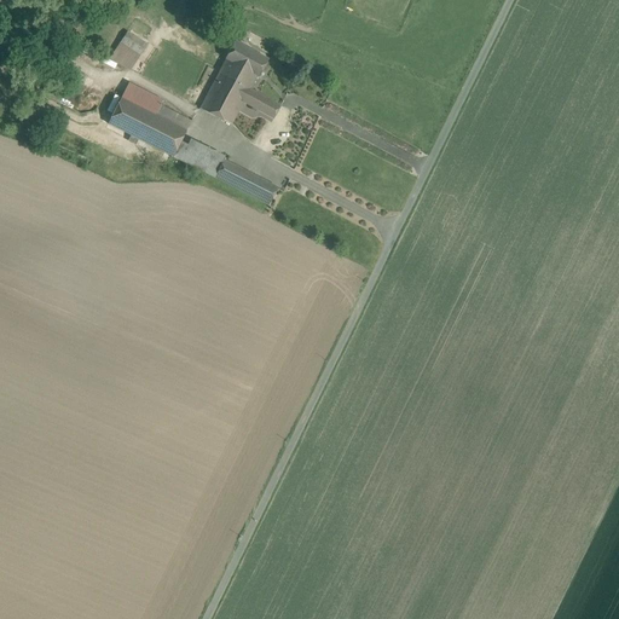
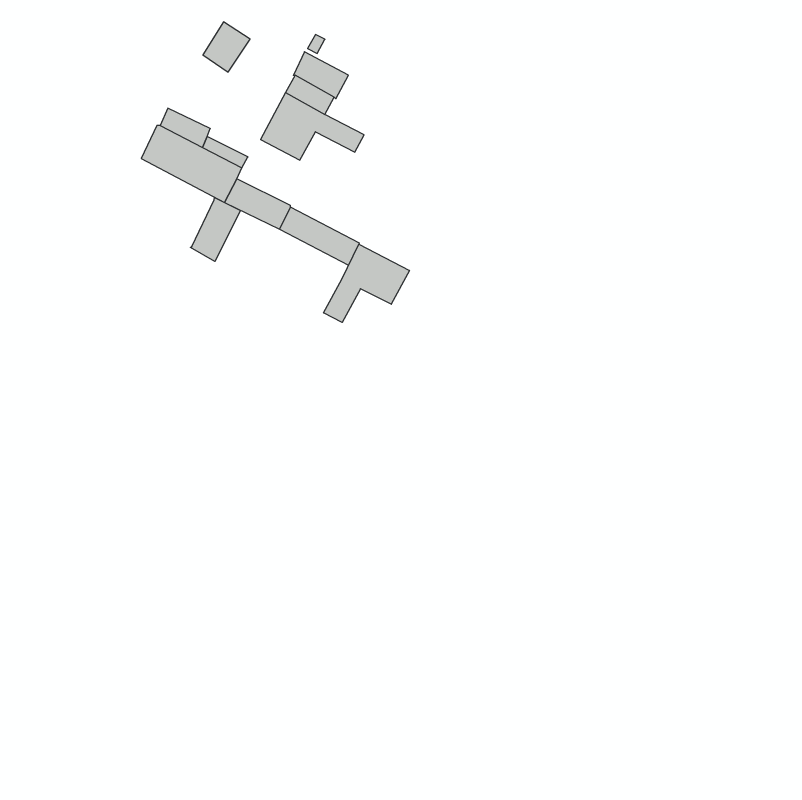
building: [111,30,147,69] -> [203,22,250,72]
building: none -> [190,197,240,261]
building: none -> [324,244,409,322]

